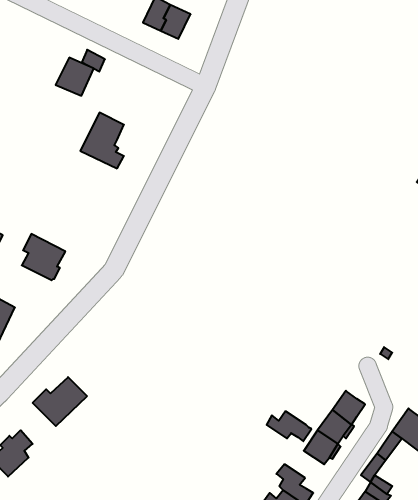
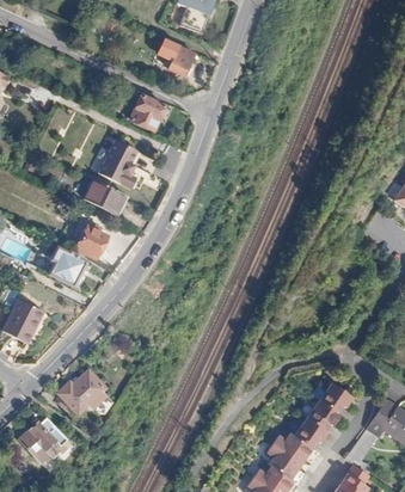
building: [56,58,94,96] -> [131,96,165,129]
building: none -> [85,178,125,214]
building: none -> [76,225,108,258]
building: [267,411,311,441] -> [278,435,318,461]

